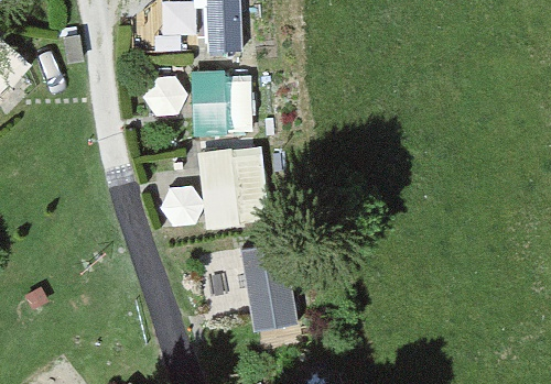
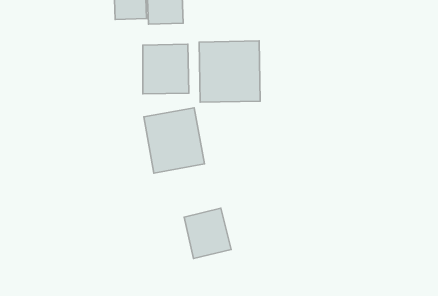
building: none -> [199,41,260,102]

